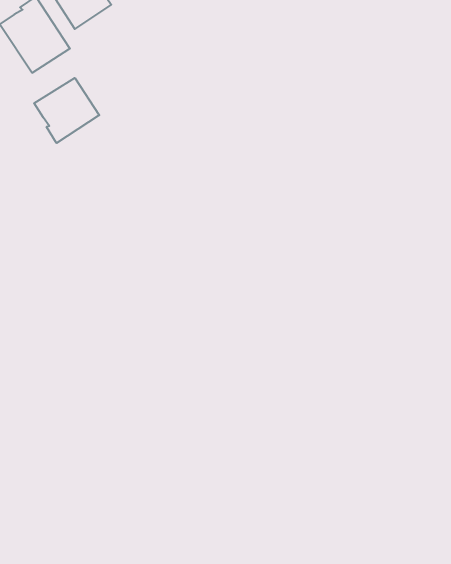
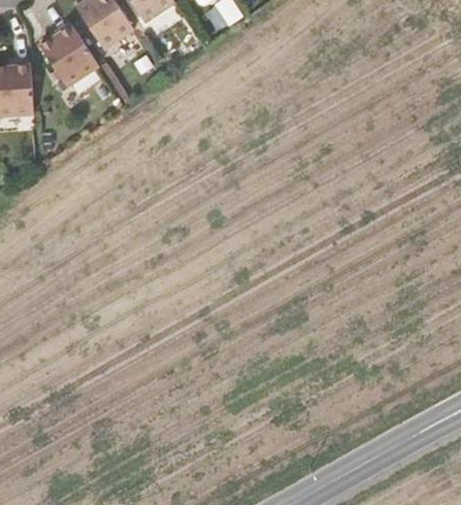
building: [34,78,99,143] -> none

